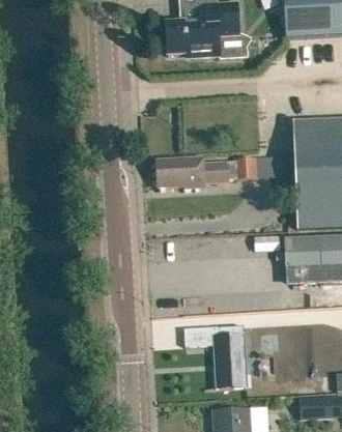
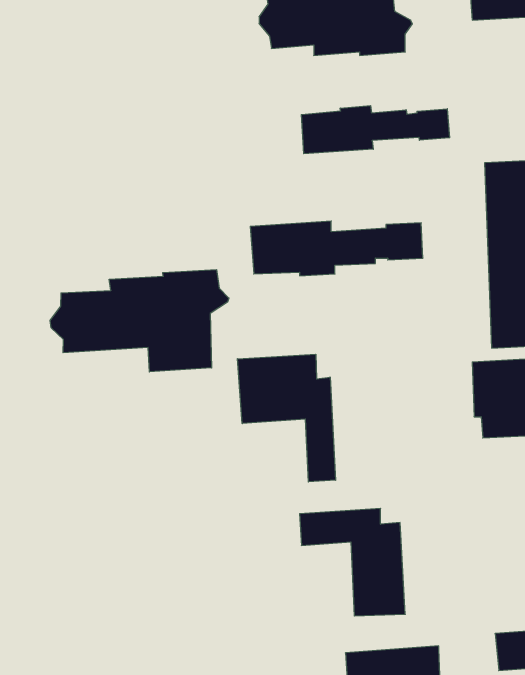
building: none -> [301,106,450,154]
building: none -> [50,270,229,372]
building: none -> [237,354,336,482]

